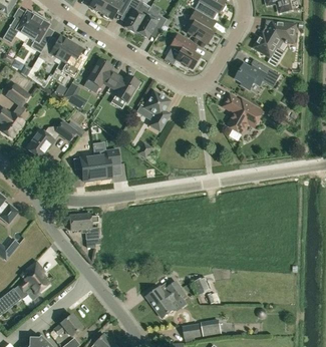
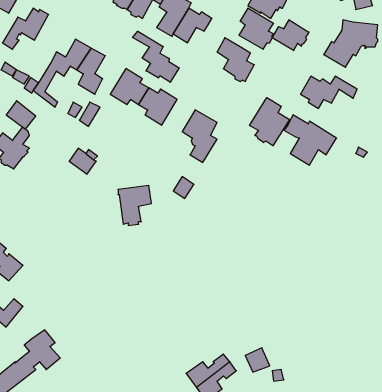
building: [28,16,49,53] -> none
building: none -> [272,20,309,51]
building: none -> [133,31,179,82]
building: none -> [250,98,290,146]
building: [26,128,54,157] -> none
building: [73,156,97,183] -> none
building: [69,213,100,248] -> none

